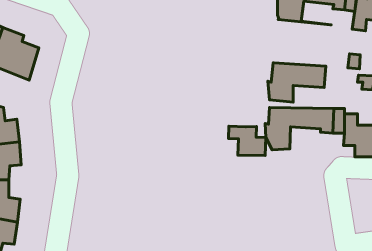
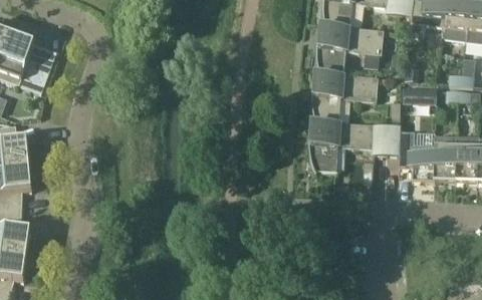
building: none -> [316,23,384,76]
building: [228,126,266,155] -> none

